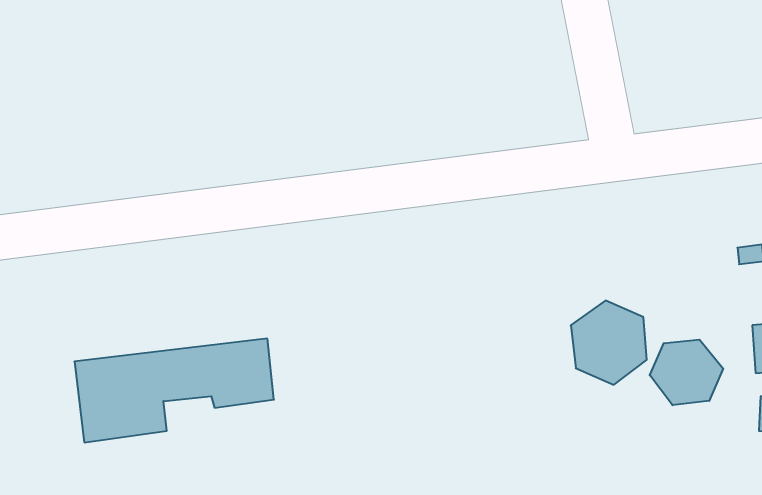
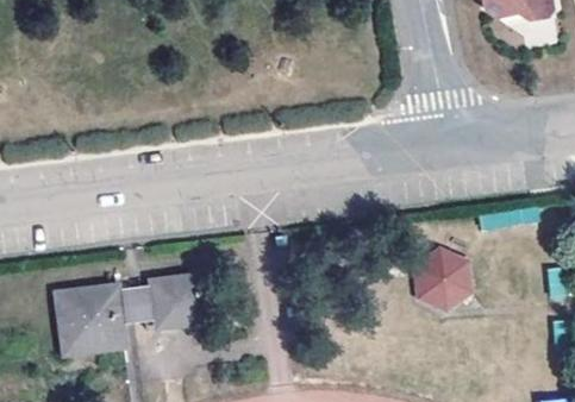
building: [650,340,723,405] -> none

